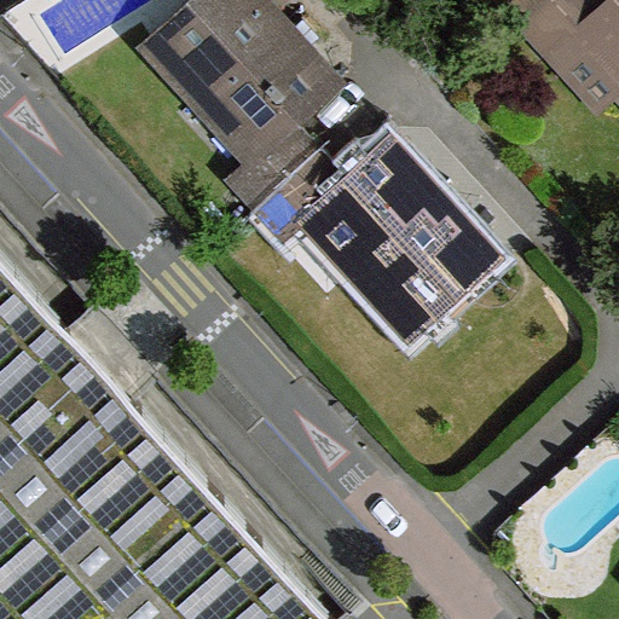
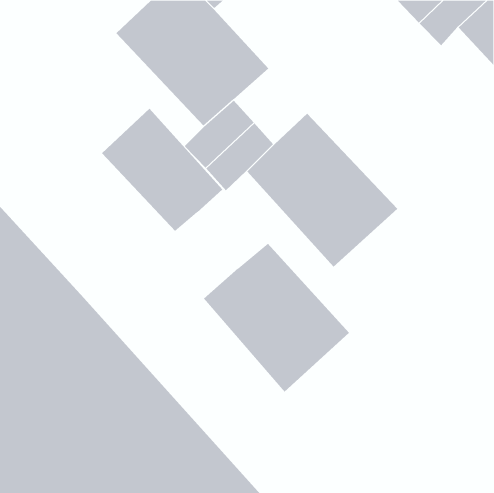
building: none -> [101,108,223,232]
building: none -> [203,243,350,392]

